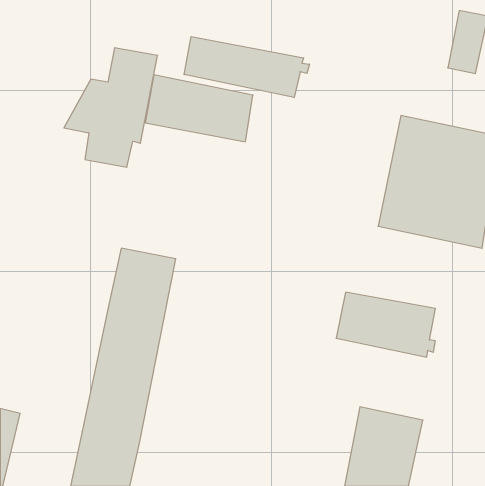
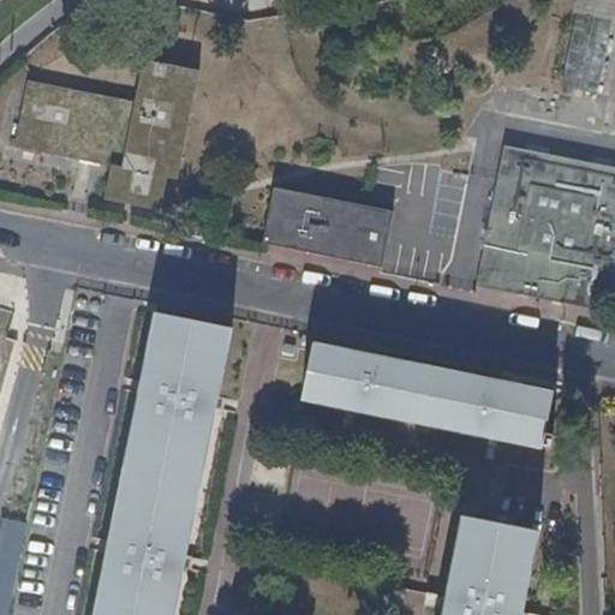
building: [184,37,309,98] -> none
building: none -> [19,83,118,161]
building: [145,75,253,142] -> [264,186,400,270]
building: none -> [300,341,438,425]

